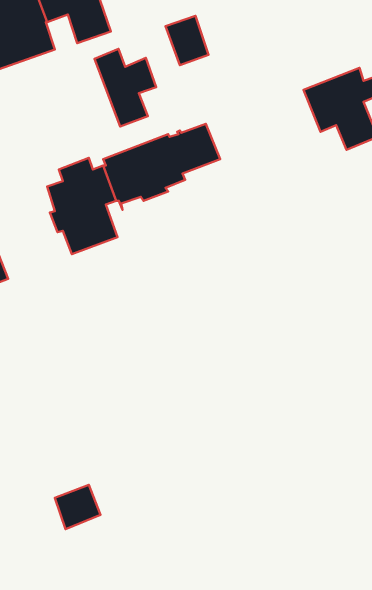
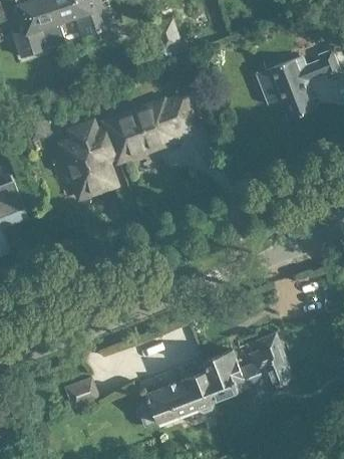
building: [94,49,156,127] -> none
building: none -> [136,334,292,426]

